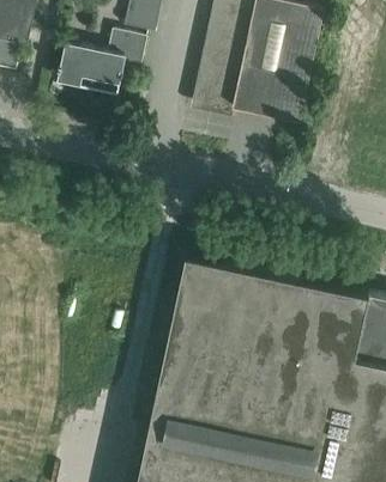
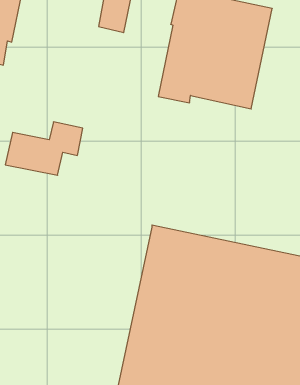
building: [55,37,144,98] -> [5,122,83,175]

